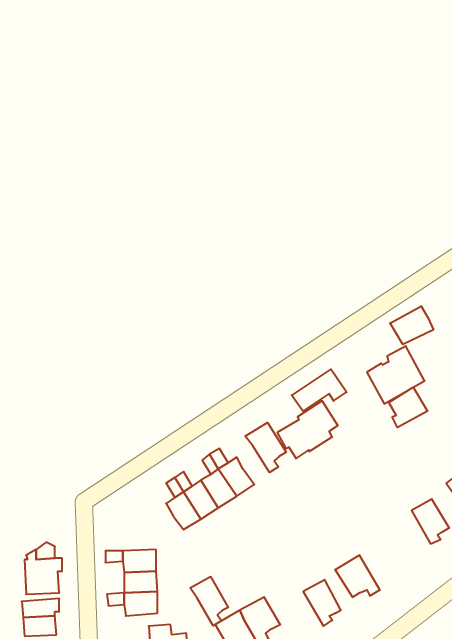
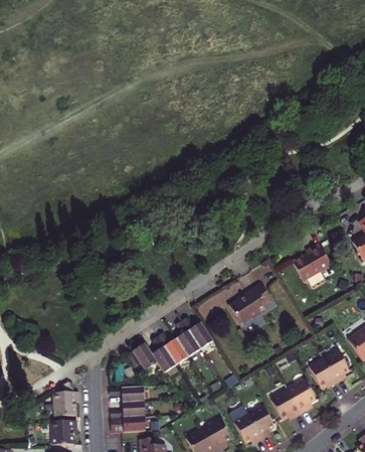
building: [390,306,433,344] -> none
building: [389,387,427,427] -> none
building: [245,423,286,472] -> none
building: none -> [126,342,157,369]
building: none -> [308,358,336,388]
building: none -> [287,380,315,414]
building: [190,577,228,626] -> none
building: none -> [233,415,261,444]

